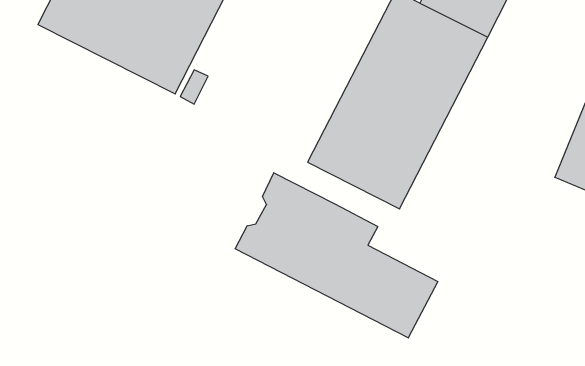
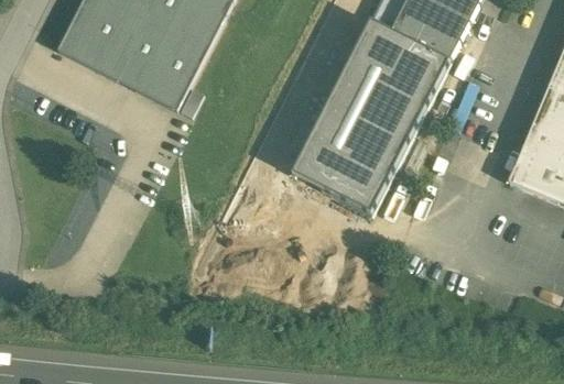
building: [235,173,438,338] -> none

